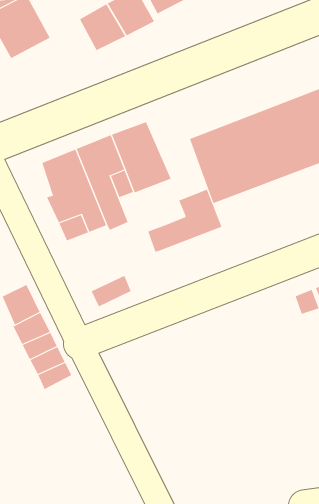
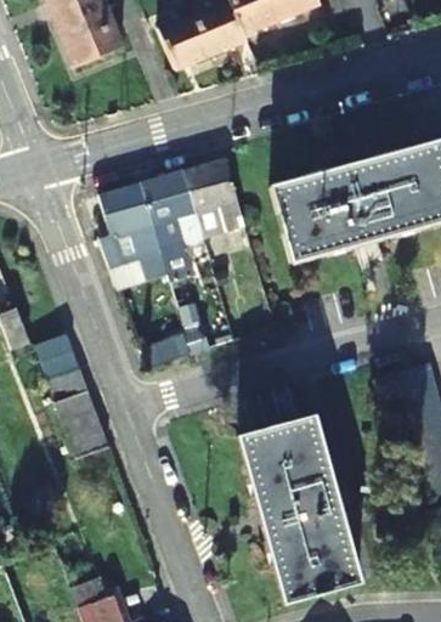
building: [147,189,222,252] -> none
building: none -> [237,414,357,604]

